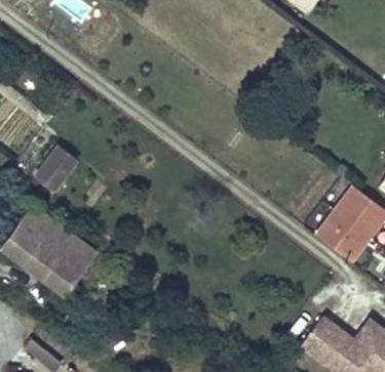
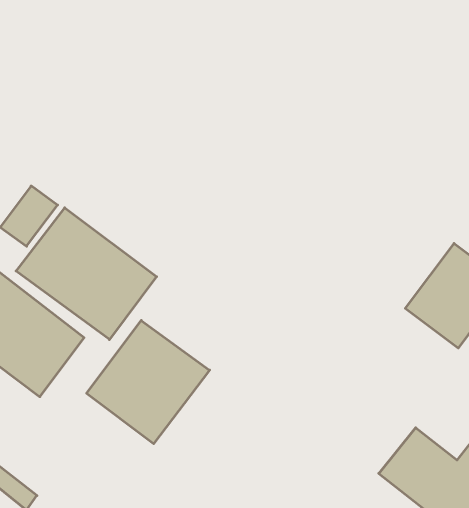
building: none -> [16,208,157,340]
building: none -> [87,320,210,444]

